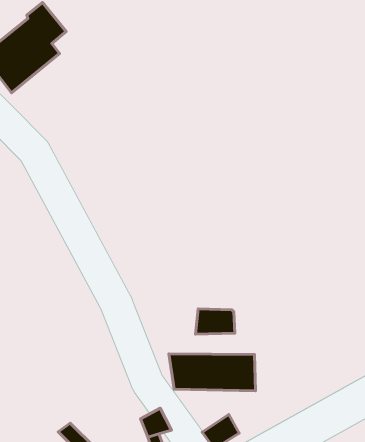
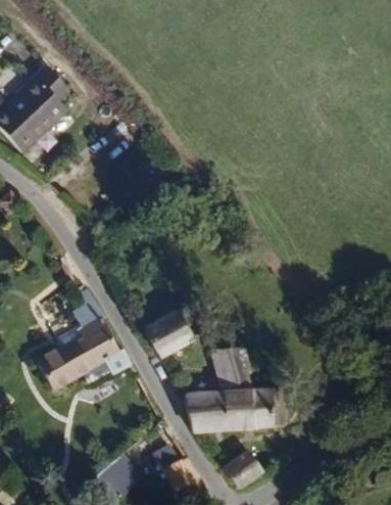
building: none -> [147,312,194,356]
building: none -> [40,330,113,392]

